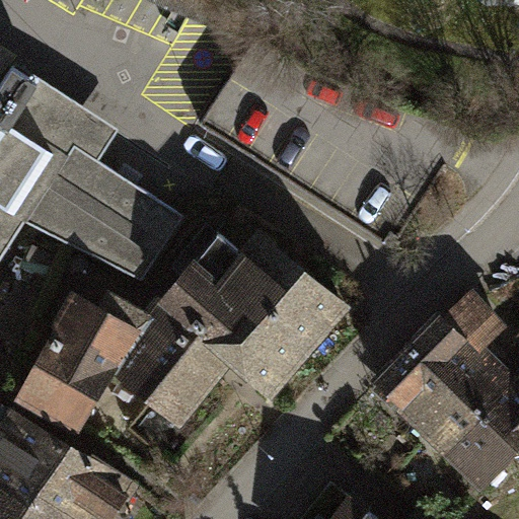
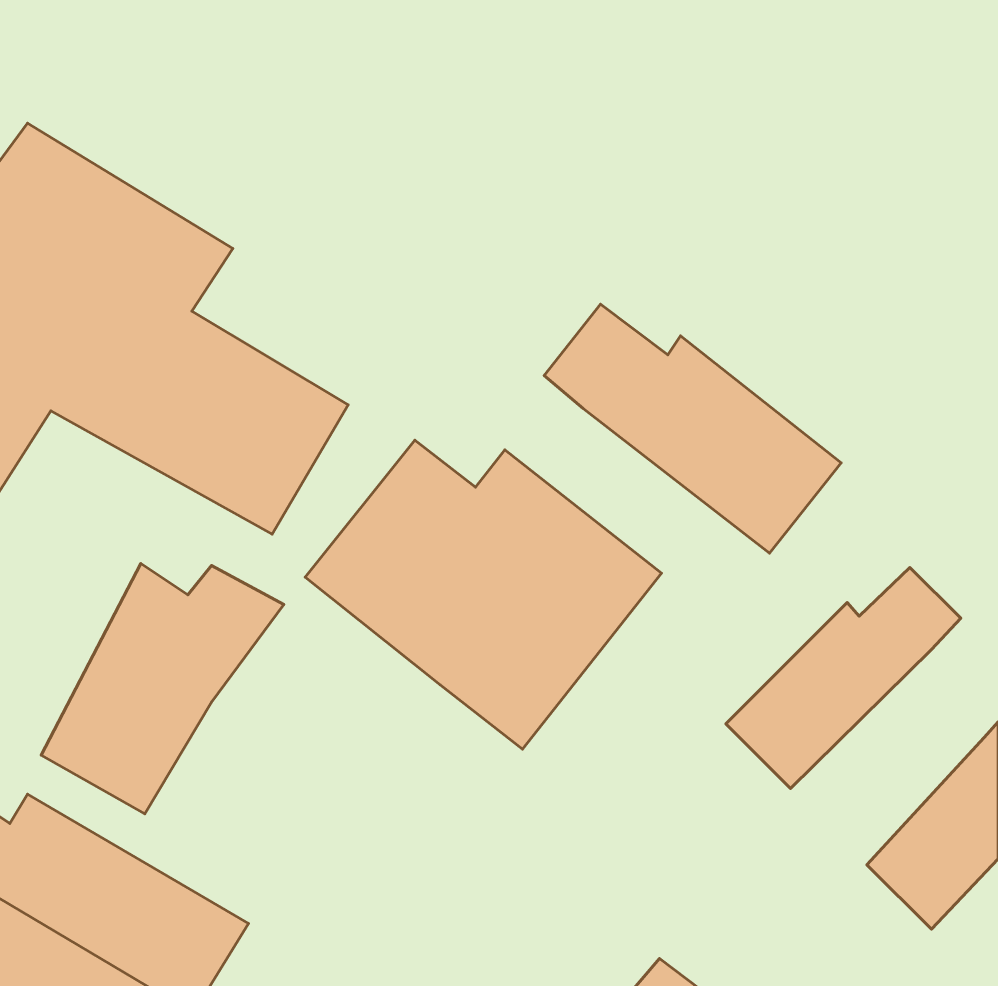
building: none -> [544,304,841,553]
building: [109,306,228,426] -> none
building: [410,344,510,455] -> none

